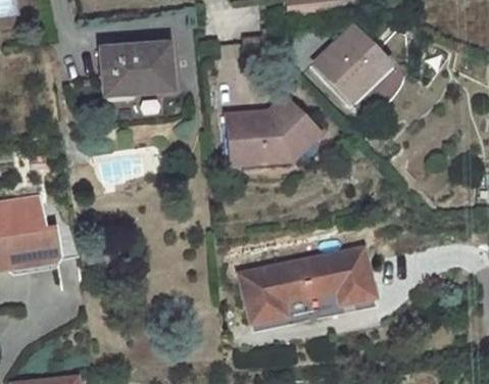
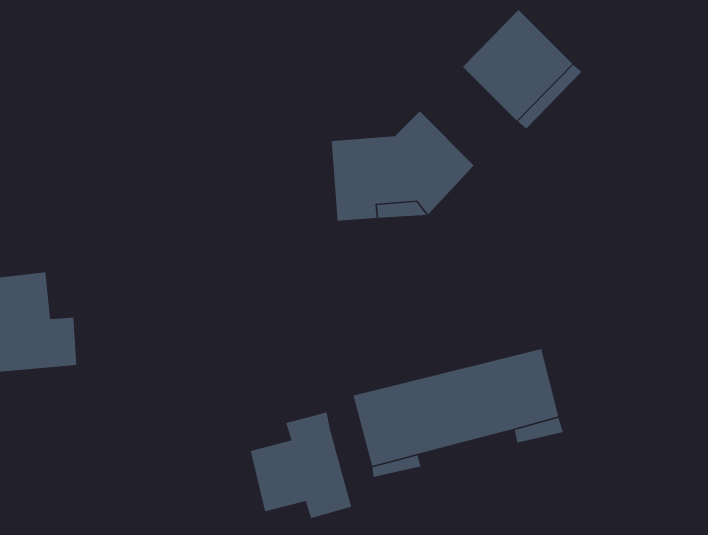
building: [101,42,175,92] -> none
building: none -> [250,411,352,519]

